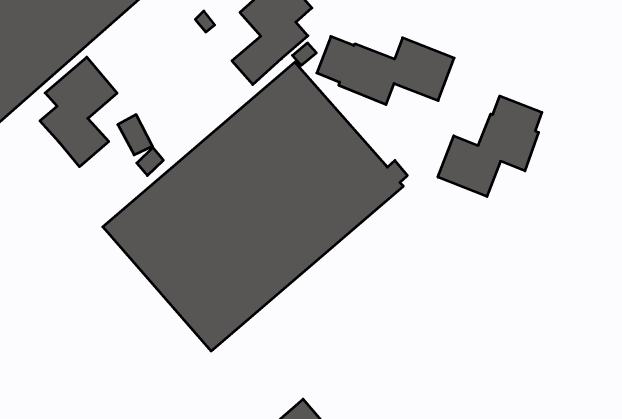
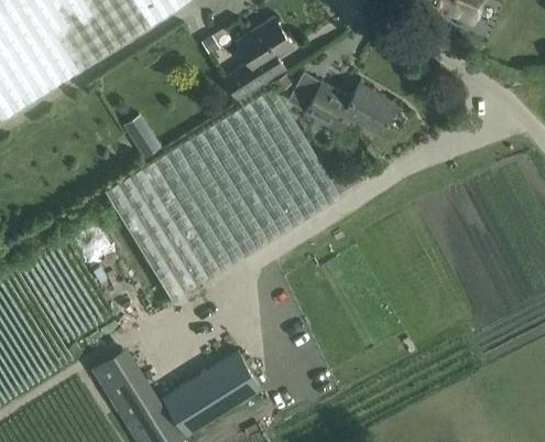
building: [40,57,117,167] -> none
building: [438,96,542,197] -> none

